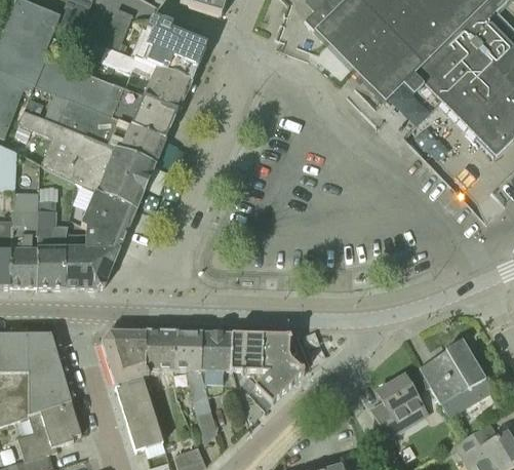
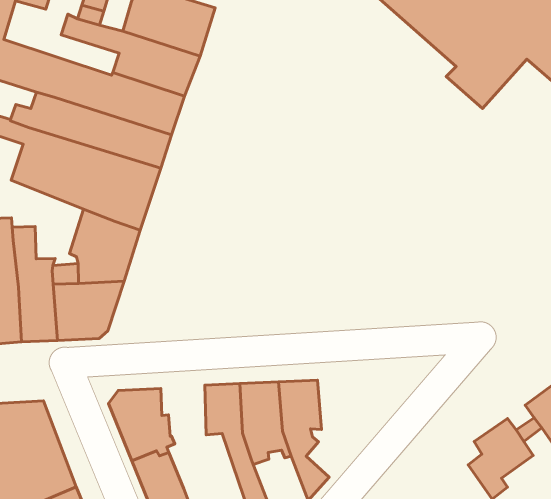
building: [141,330,175,369] -> none
building: [248,335,304,409] -> none

